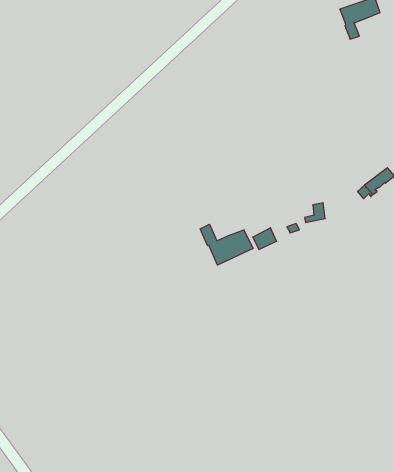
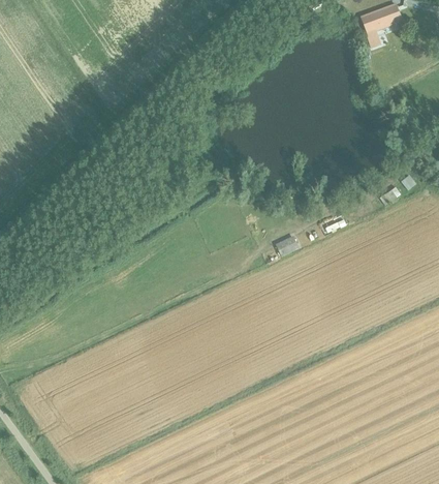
building: [200,224,253,265] -> none

